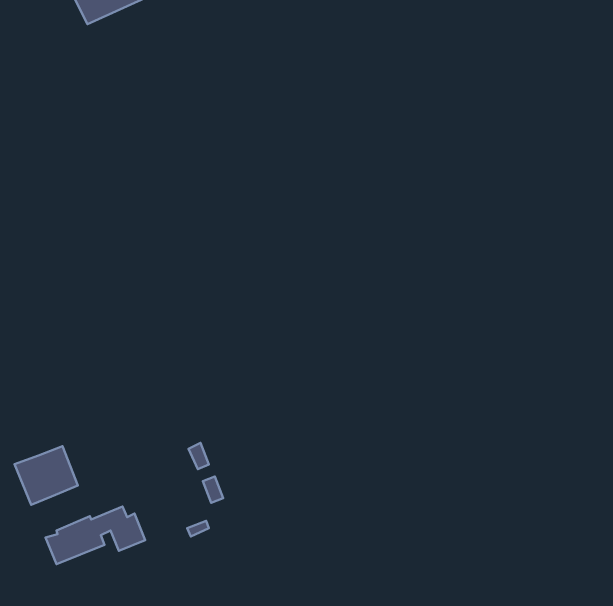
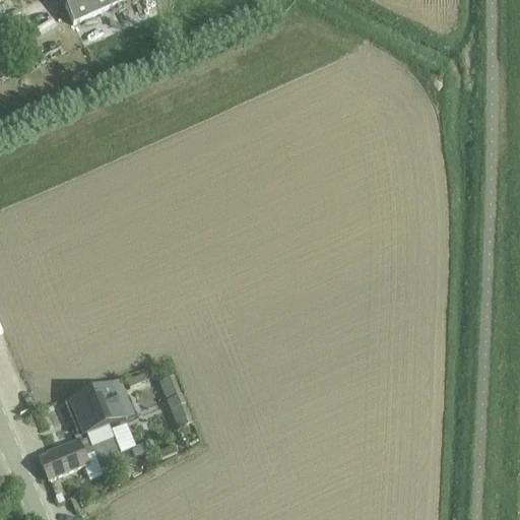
building: [14,446,78,505] -> [72,382,126,432]

